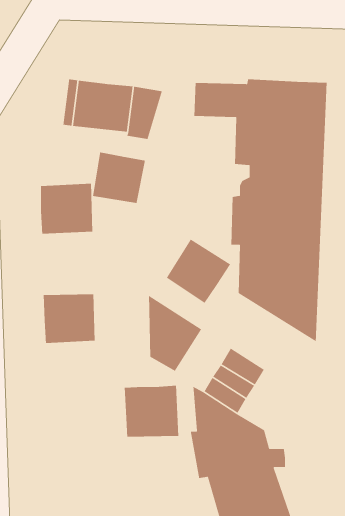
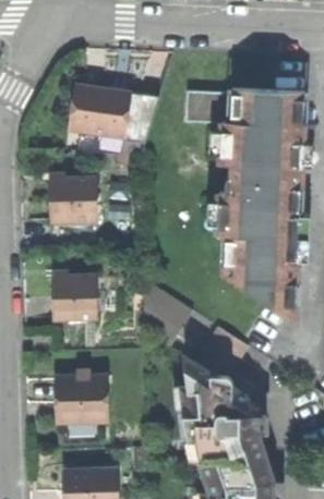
building: [92,152,146,204] -> none
building: [166,239,231,304] -> none
building: [124,385,179,438] -> [60,382,109,429]

